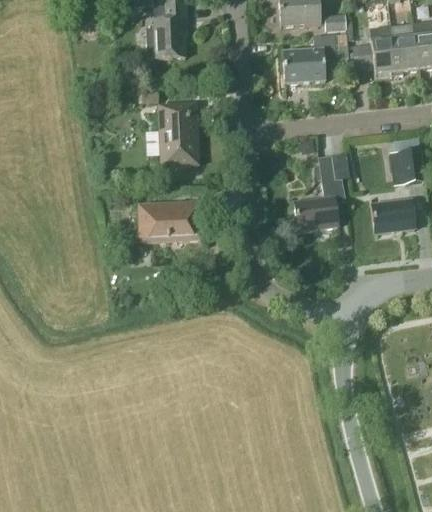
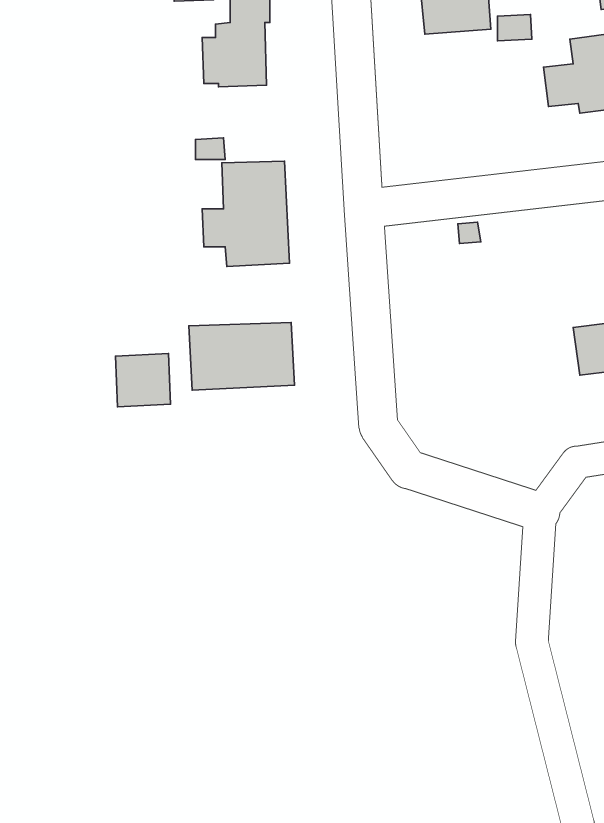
building: [283,33,336,82] -> none
building: [294,154,346,230] -> none
building: none -> [115,354,170,407]

